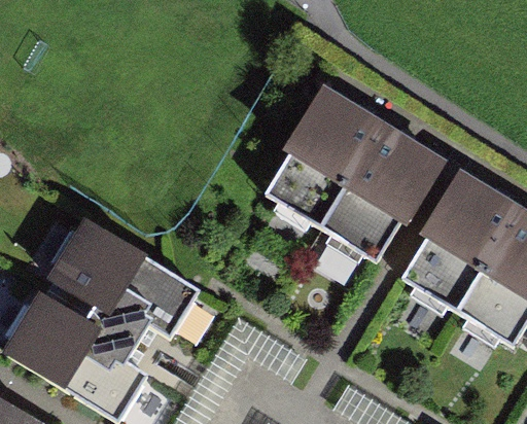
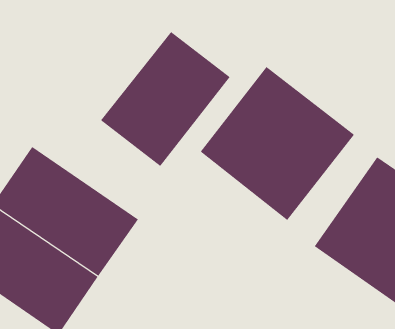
building: none -> [100,31,231,167]

